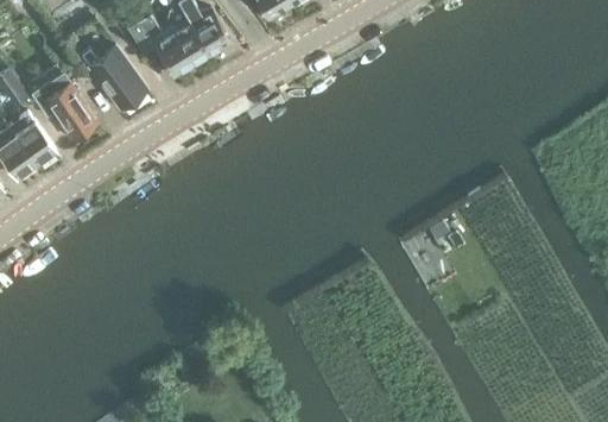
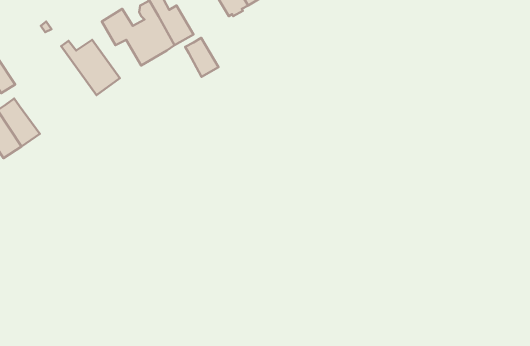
building: none -> [185,38,218,77]
building: [30,71,97,139] -> none

